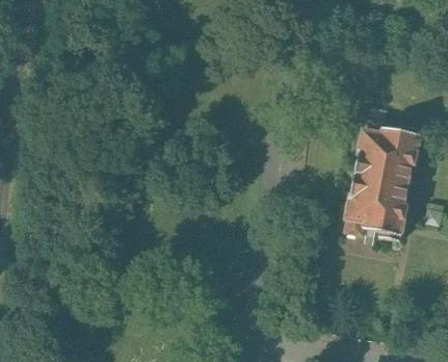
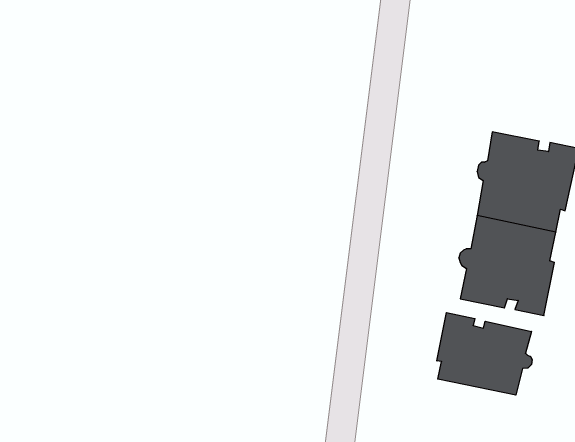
building: none -> [437,313,532,395]

